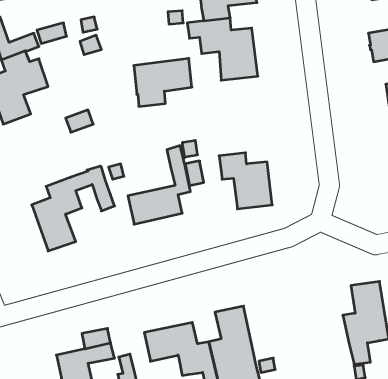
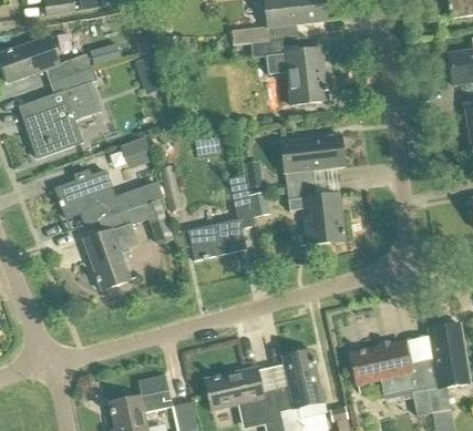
building: [134,58,192,106] -> [280,134,343,186]
building: none -> [55,171,163,224]
building: none -> [351,341,432,415]

